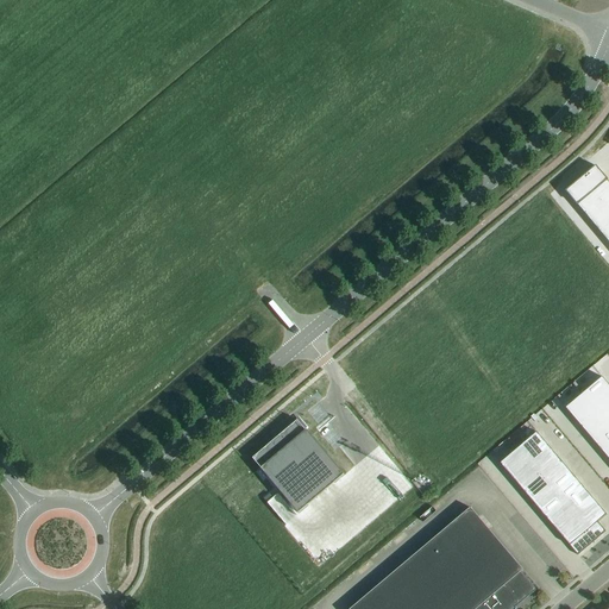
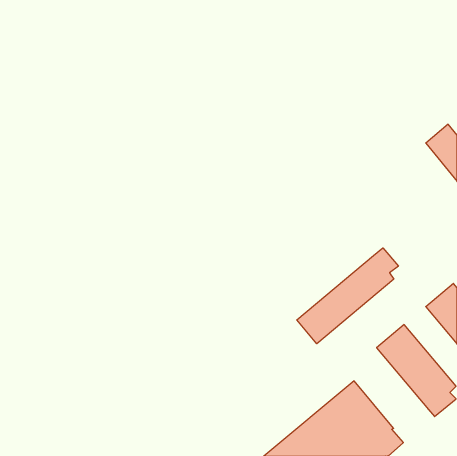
building: none -> [297,248,398,344]
building: [252,420,345,513] -> none

